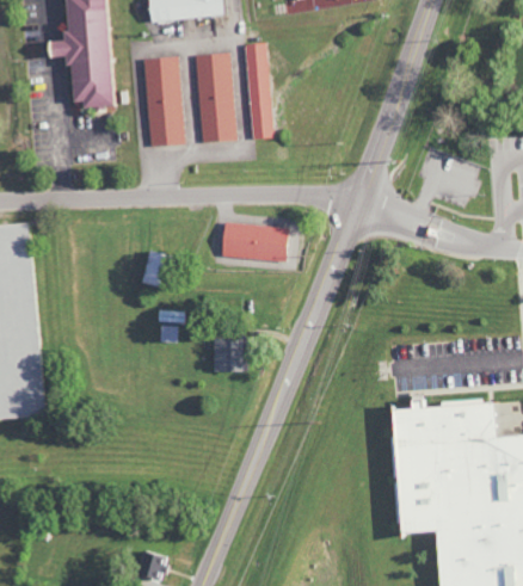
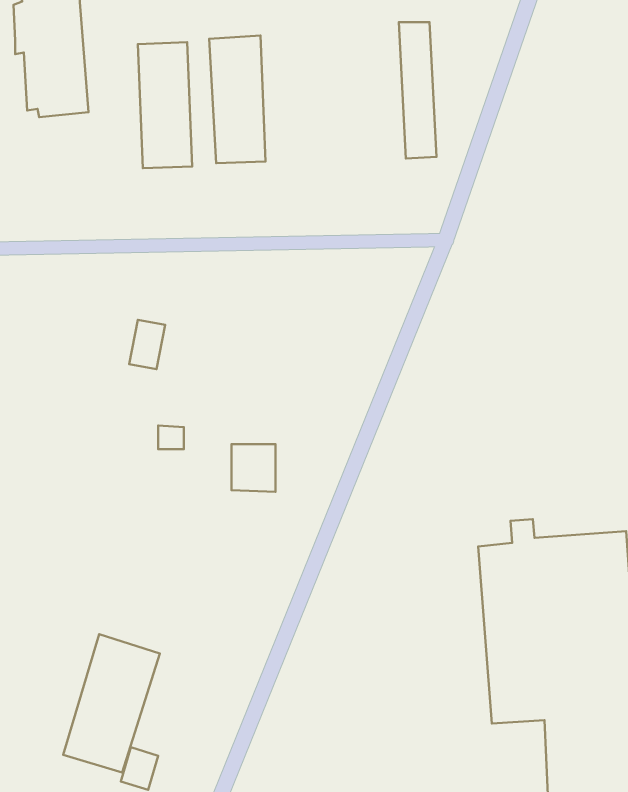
building: [248,43,275,138] -> [399,22,436,159]
building: [222,223,289,260] -> none
building: none -> [63,634,160,772]

